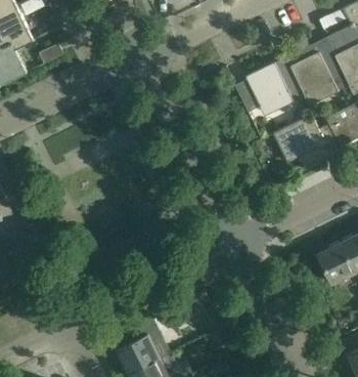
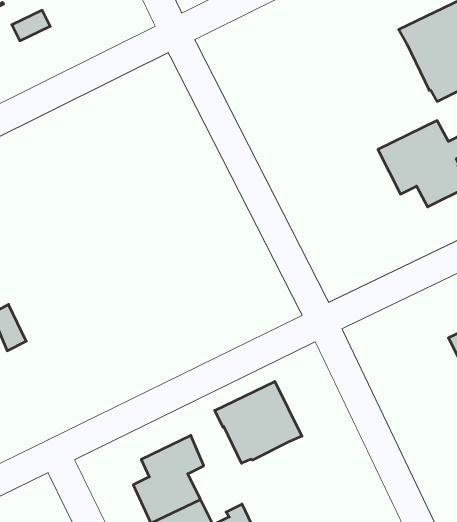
building: [234,56,306,114] -> none
building: none -> [215,381,302,463]

